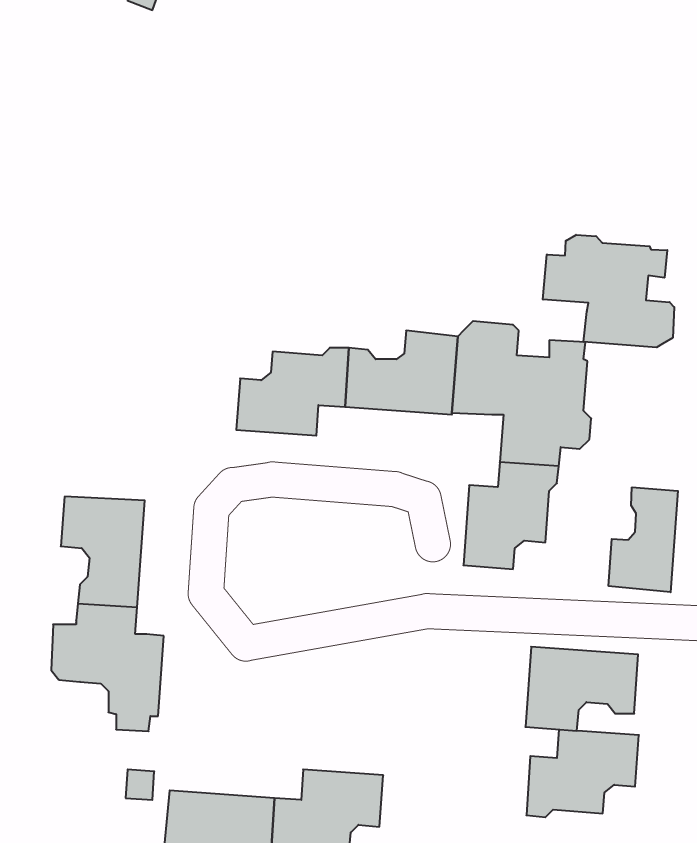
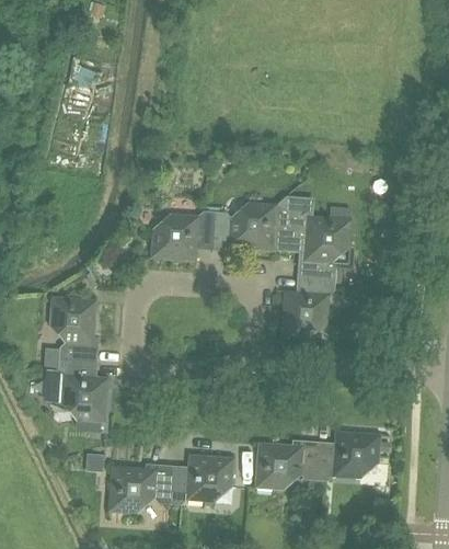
building: [543,235,674,347] -> none
building: [609,487,678,592] -> none
building: [525,647,638,731] -> [253,441,318,489]

